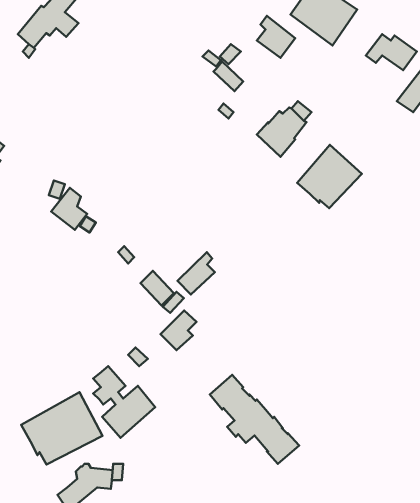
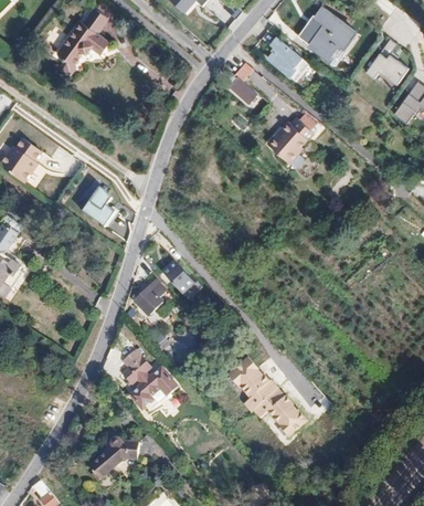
building: [297,145,362,208] -> none
building: [178,252,215,295] -> none
building: [160,311,196,350] -> [134,280,166,315]
building: [21,392,103,464] -> none

